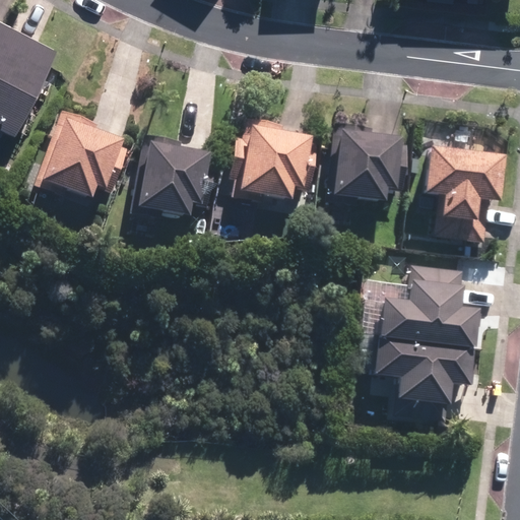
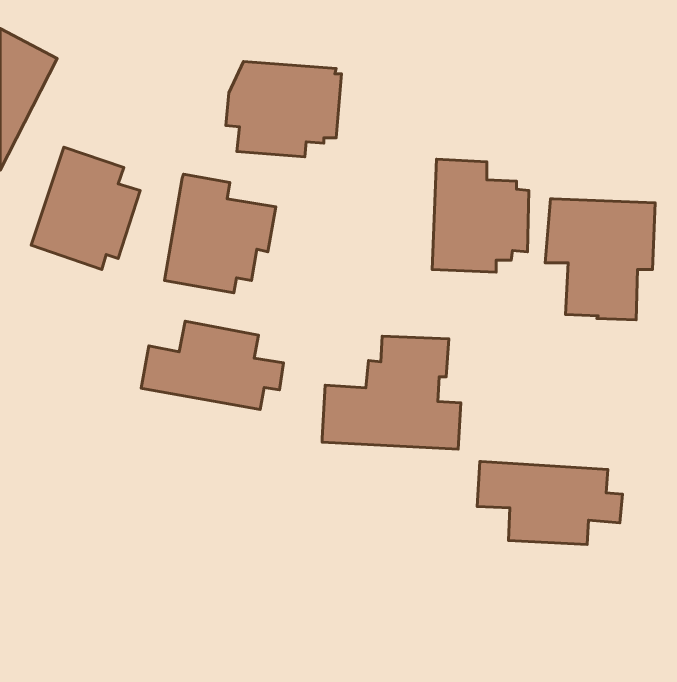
building: [231,128,317,199] -> [226,62,342,157]
building: none -> [141,321,283,409]
building: [373,263,476,347] -> [322,336,461,449]

